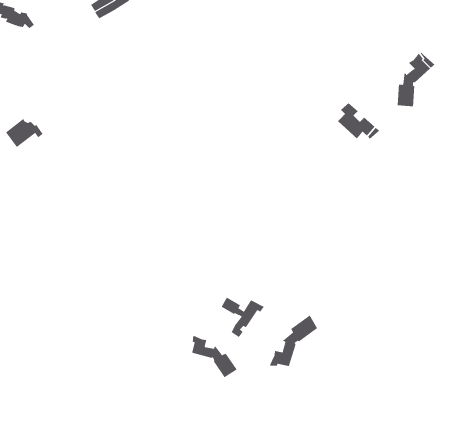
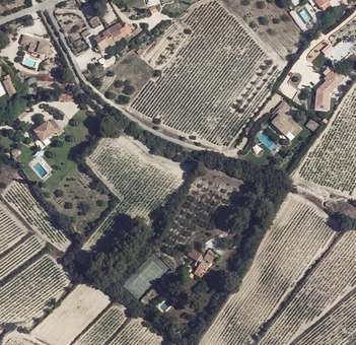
building: [270,314,318,367] -> none
building: [192,335,238,378] -> none

